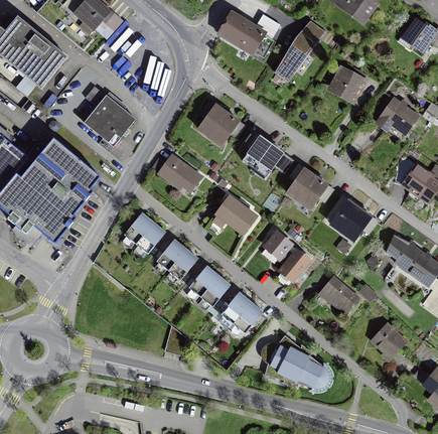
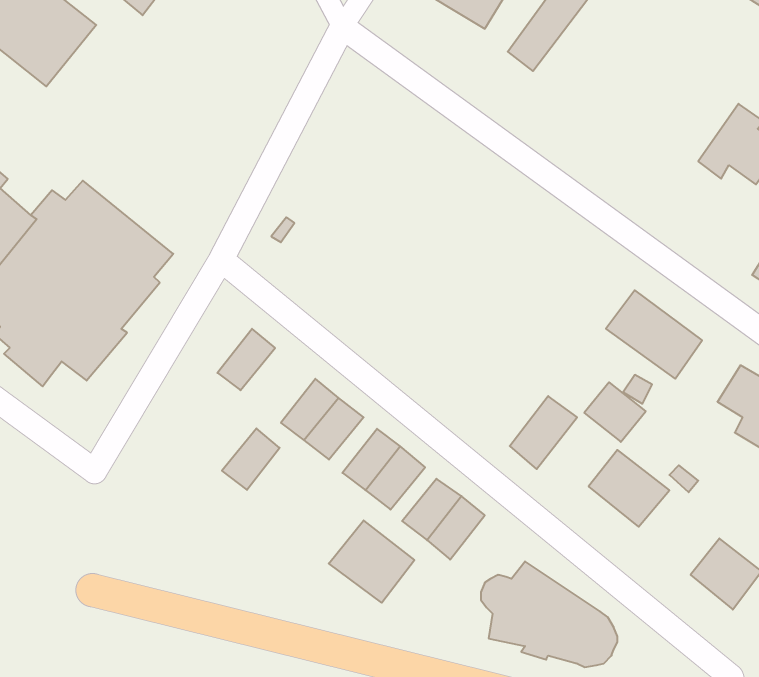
building: [326,66,368,106] -> none
building: [81,92,134,140] -> none
building: [197,104,240,147] -> none
building: [242,135,284,177] -> none
building: [157,154,203,196] -> none
building: [286,167,328,209] -> none
building: [214,196,258,236] -> none
building: [135,223,165,255] -> [222,428,280,490]
building: [262,232,294,263] -> [584,382,646,442]
building: none -> [329,520,414,603]

